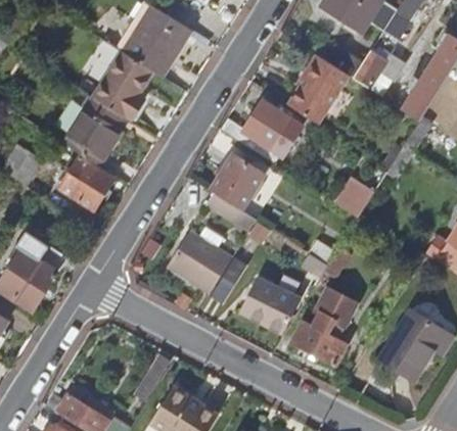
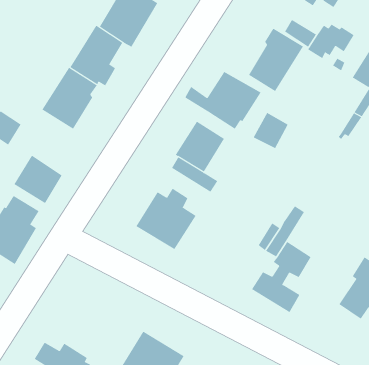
building: [60,155,113,208] -> [13,155,62,204]
building: [336,175,375,214] -> [253,112,289,149]
building: [241,278,298,330] -> none

